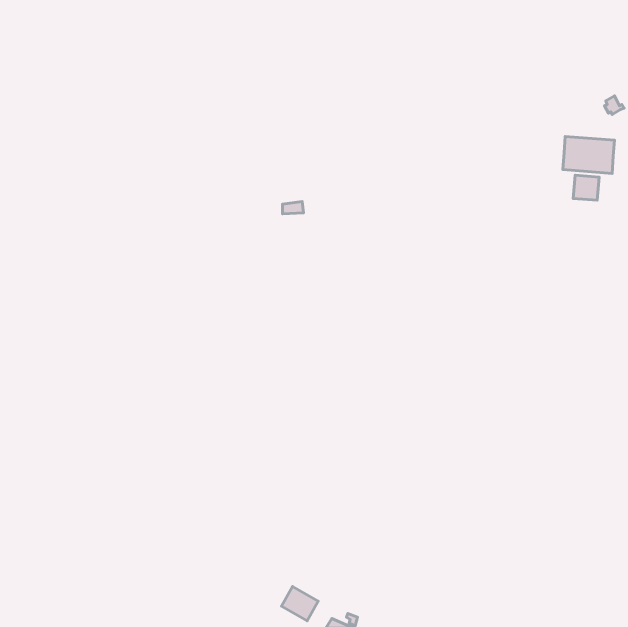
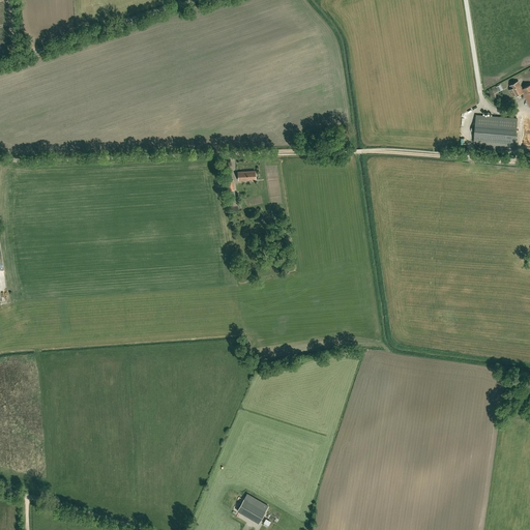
building: [573,175,599,200] -> none

